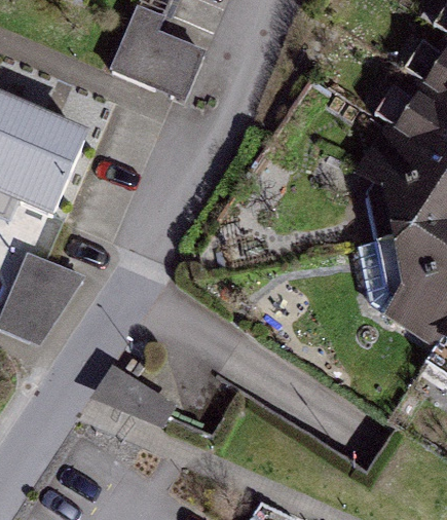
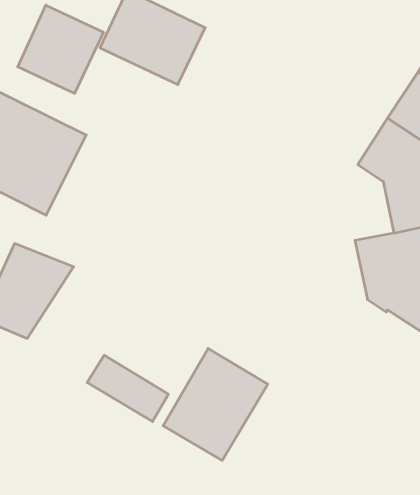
building: none -> [18,5,103,93]
building: none -> [163,348,268,460]

